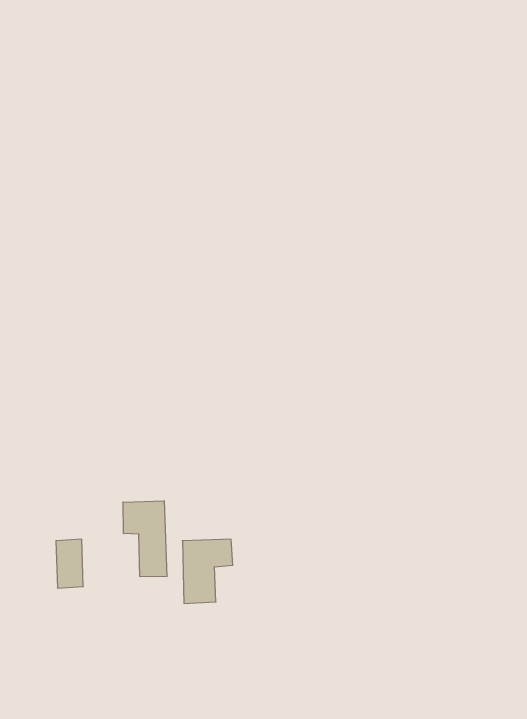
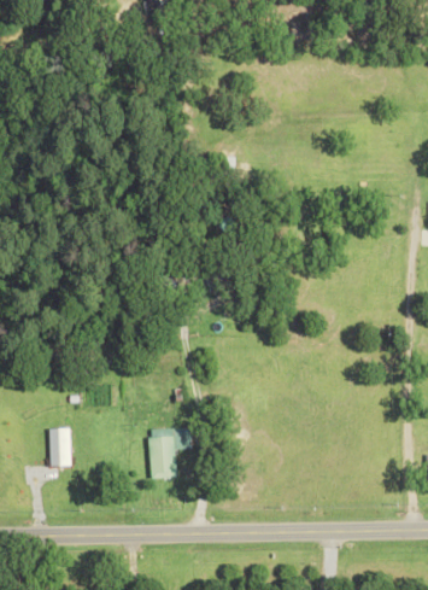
building: [123,501,167,577] -> none

